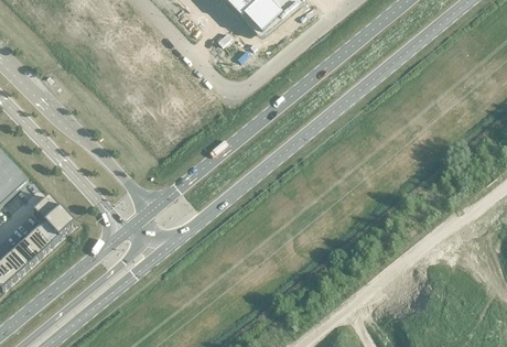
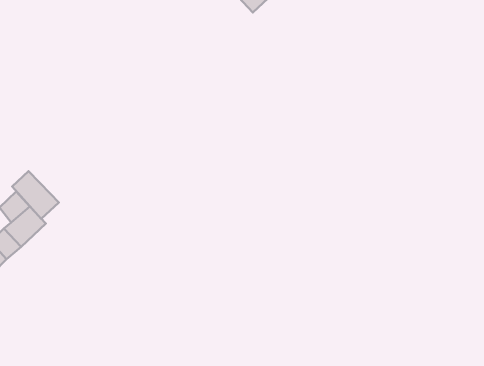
building: none -> [12,171,59,219]

